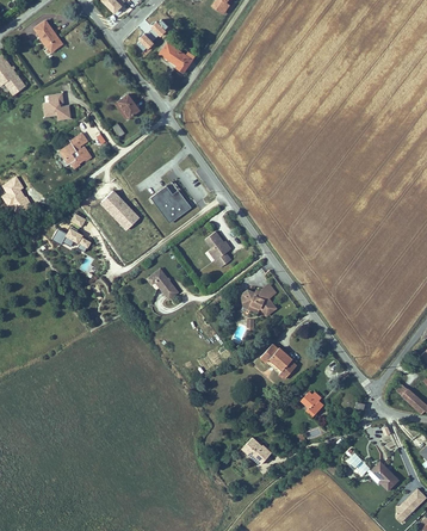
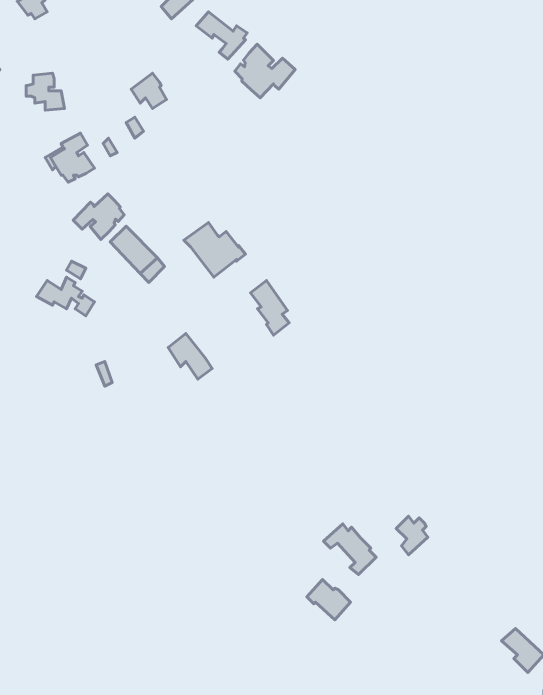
building: none -> [235,44,295,98]
building: none -> [73,194,124,239]
building: [237,283,274,314] -> none
building: [255,342,291,377] -> [323,524,376,575]

